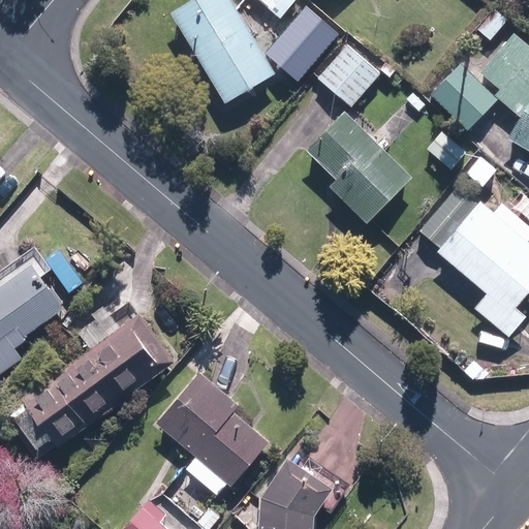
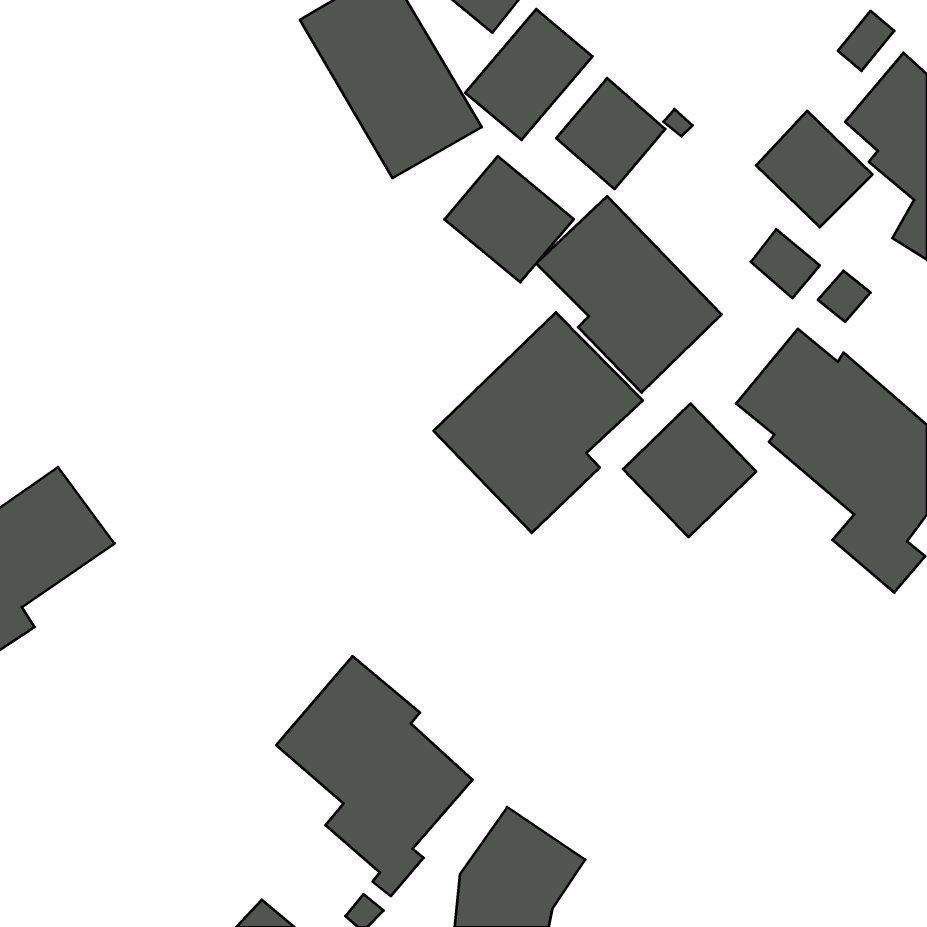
building: none -> [444,156,574,282]
building: none -> [434,312,643,533]
building: none -> [623,404,756,537]
building: [27,314,180,447] -> none

